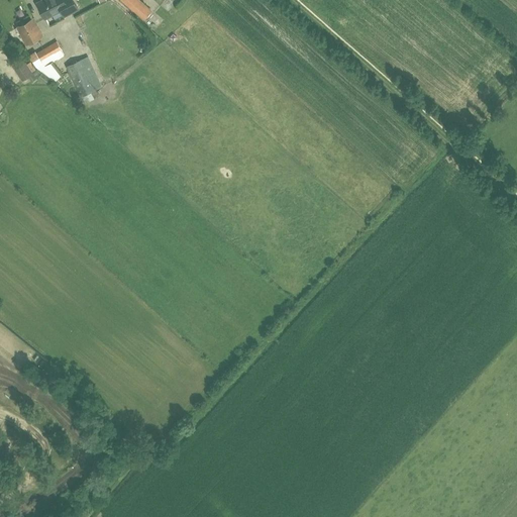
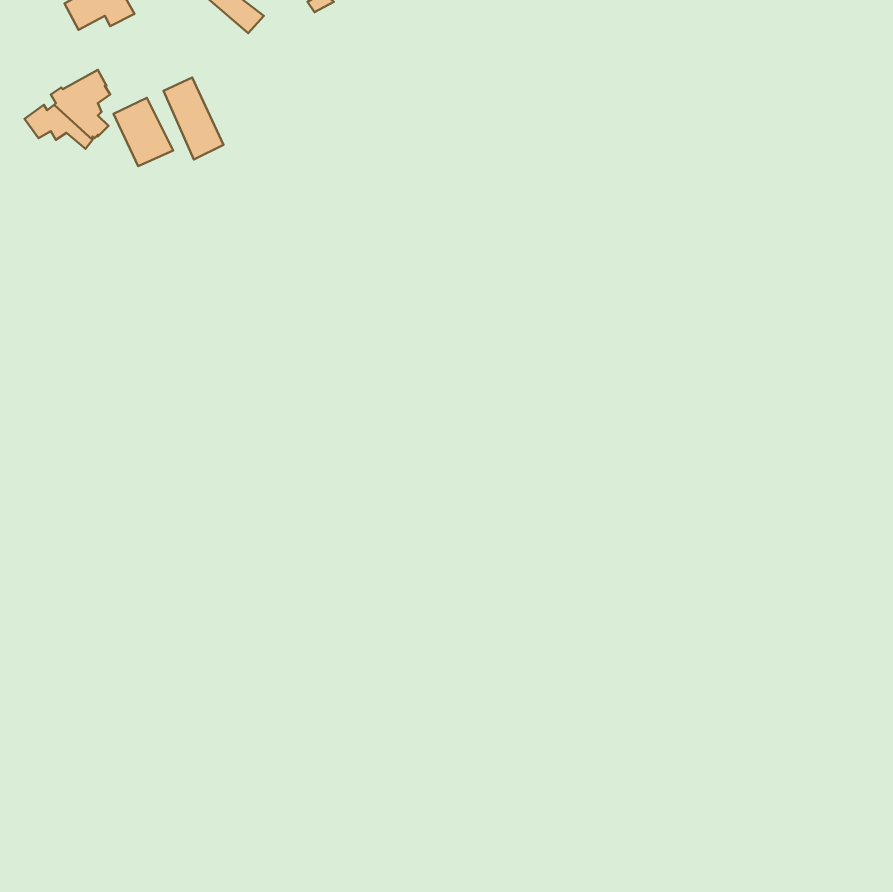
building: [16,16,43,44] -> none
building: none -> [163,78,223,159]

